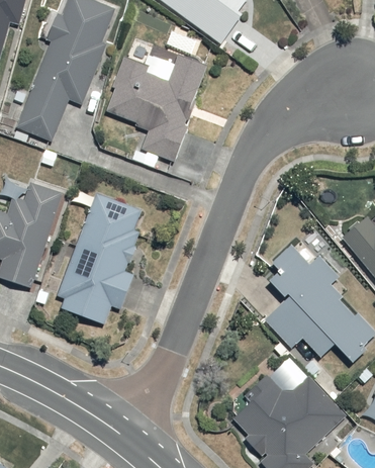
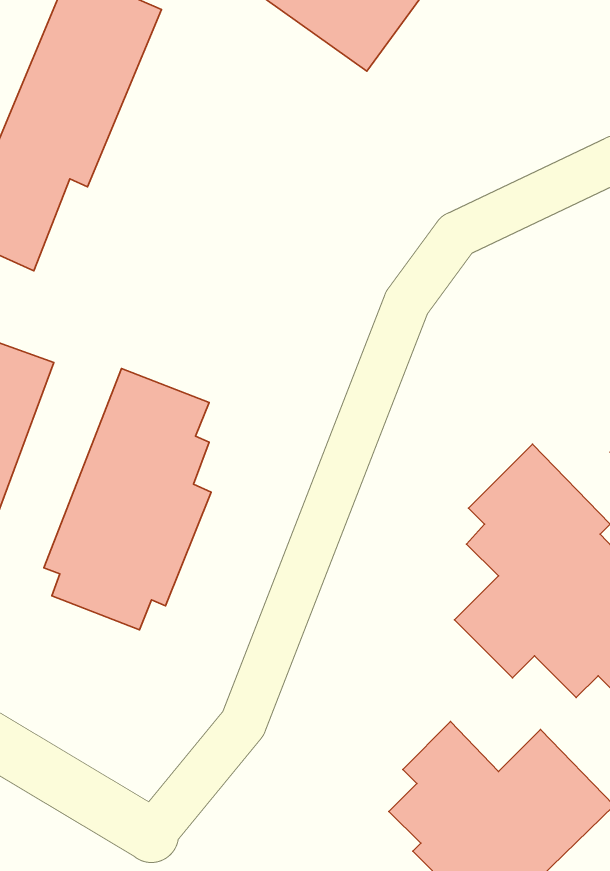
building: [105,41,209,163] -> none

